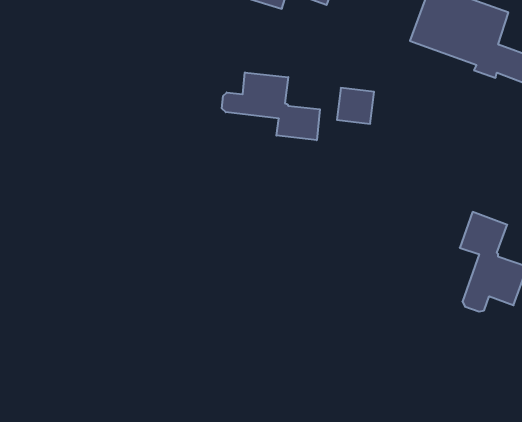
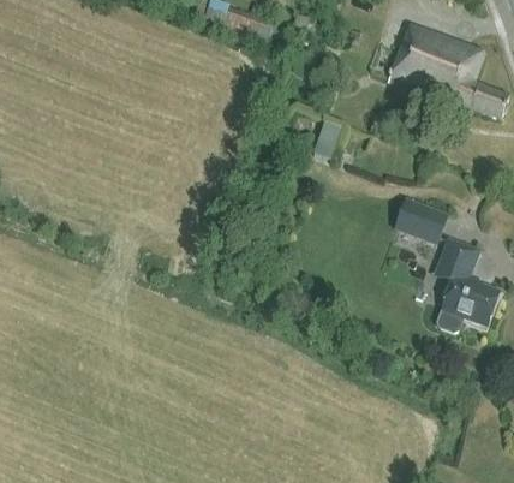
building: [222,72,320,140] -> none
building: none -> [392,197,447,244]

